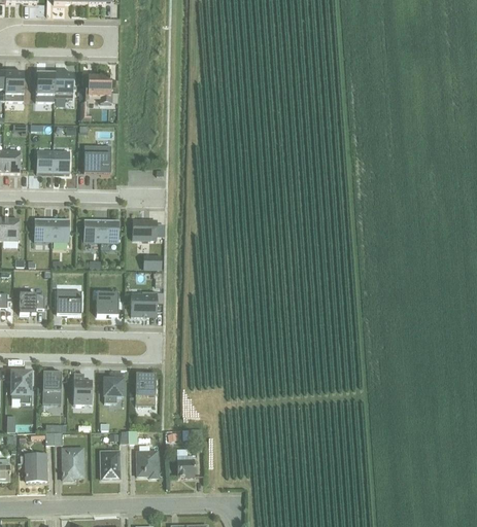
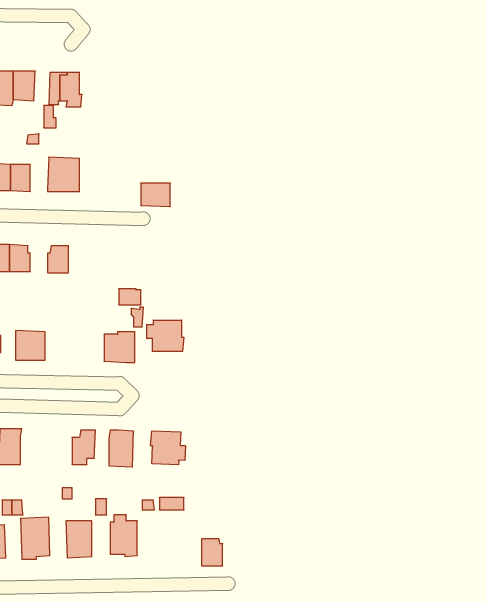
building: [101,219,118,242] -> none
building: [132,220,157,240] -> [141,183,170,207]
building: none -> [147,320,184,351]
building: [96,292,118,316] -> none
building: [73,373,92,403] -> none
building: none -> [150,431,185,465]
building: [177,455,195,478] -> [202,539,223,566]

